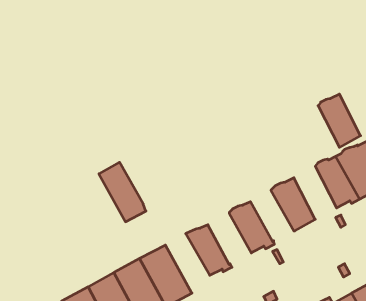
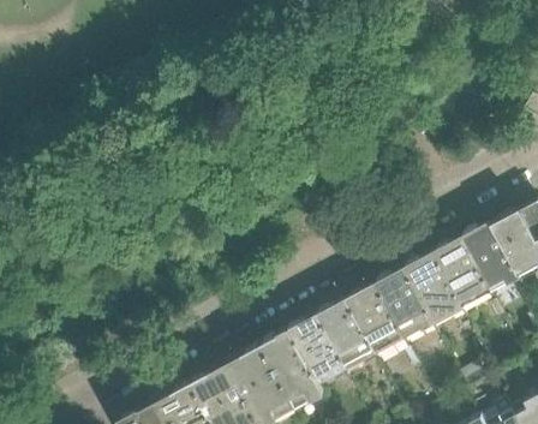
building: [318,94,361,147] -> [435,237,492,309]
building: [99,162,146,222] -> [261,328,324,408]
building: none -> [376,269,437,339]
building: none -> [318,300,379,370]

